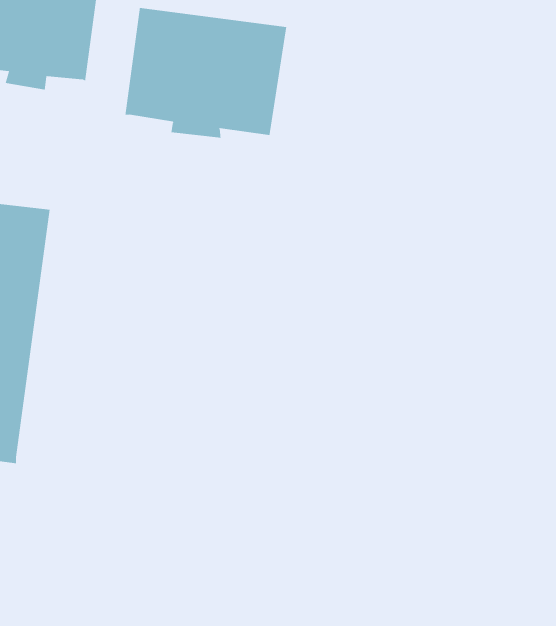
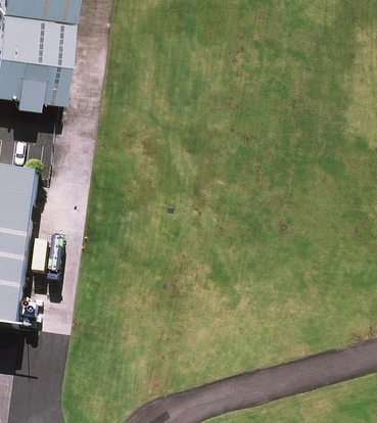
building: [125,7,287,139] -> none

